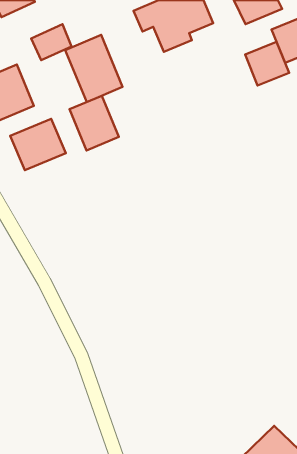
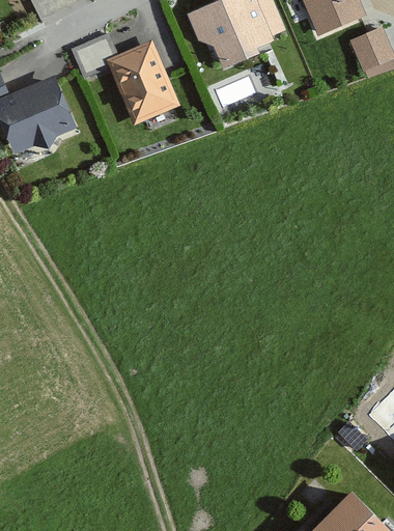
building: [245,42,289,86] -> none
building: [69,96,119,150] -> none
building: [10,119,66,170] -> none

